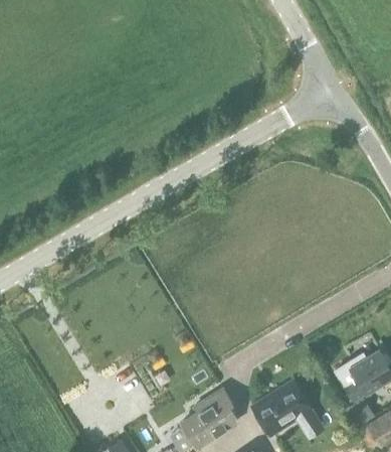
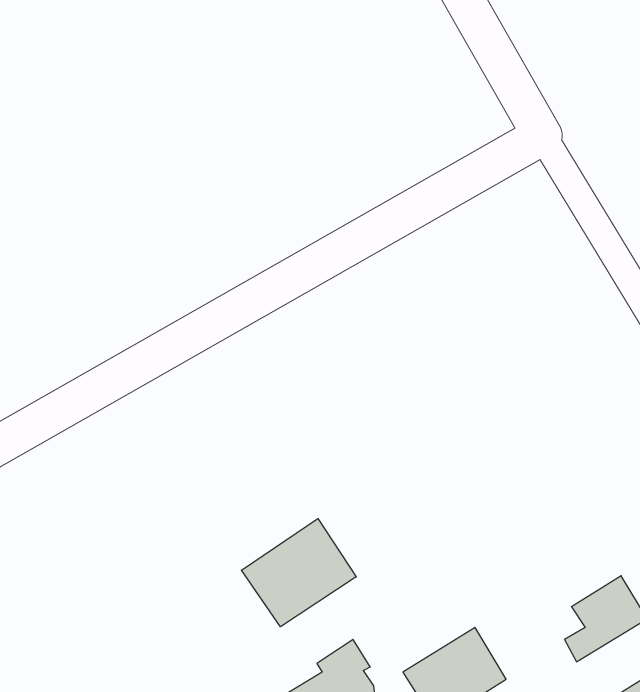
building: none -> [241,519,356,627]

